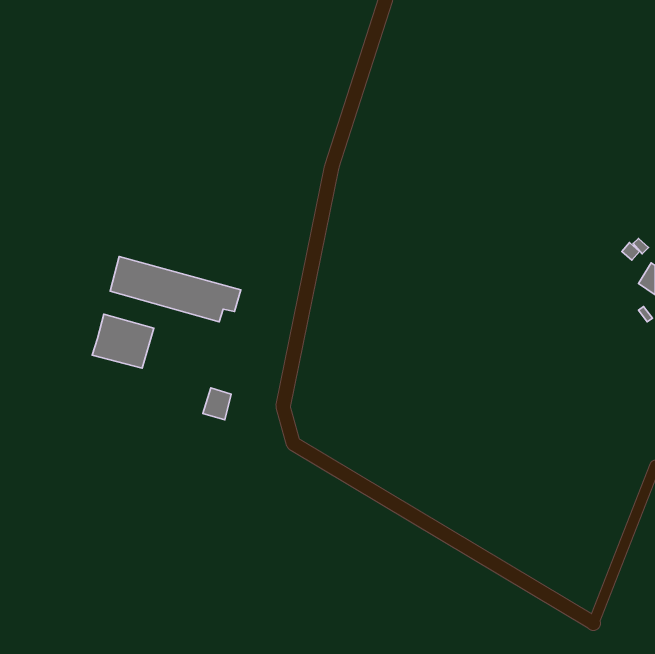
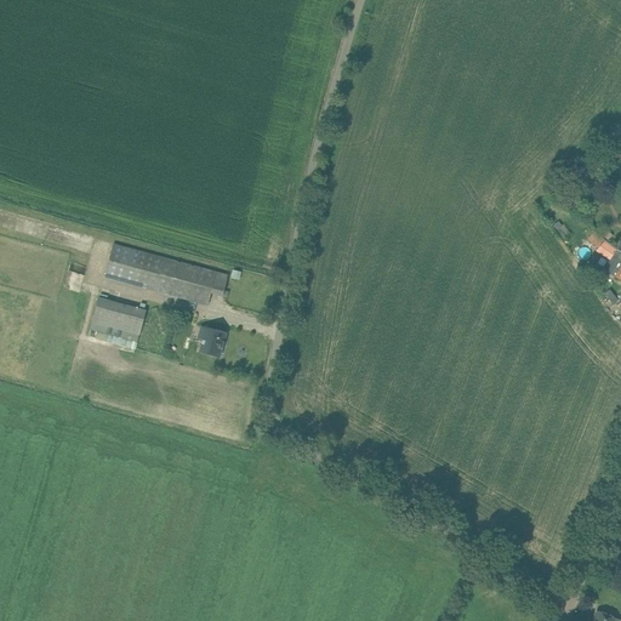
building: [203,388,231,420] -> [199,326,226,357]

